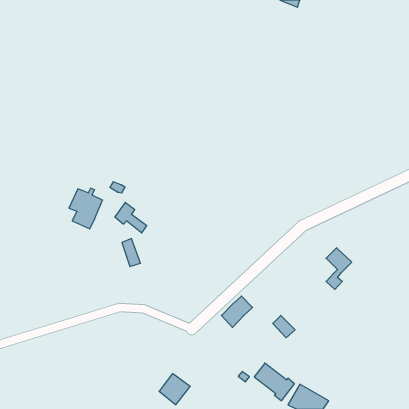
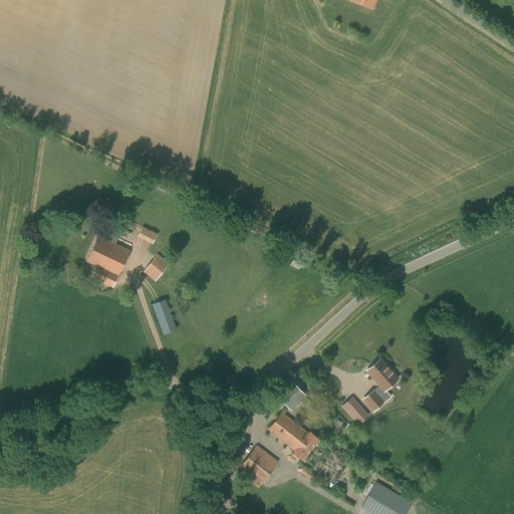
building: [326,248,352,289] -> [365,356,398,409]
building: [254,363,294,401] -> [269,413,319,460]
building: [159,374,190,405] -> [240,446,279,485]

